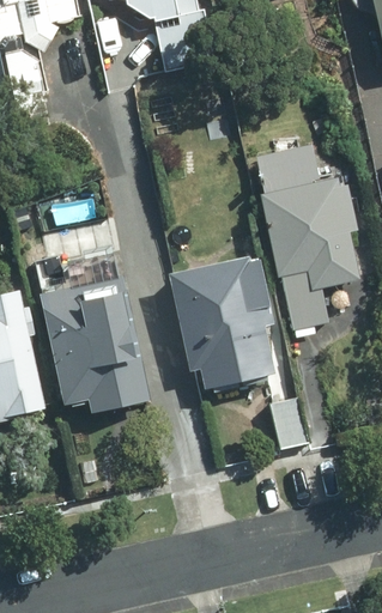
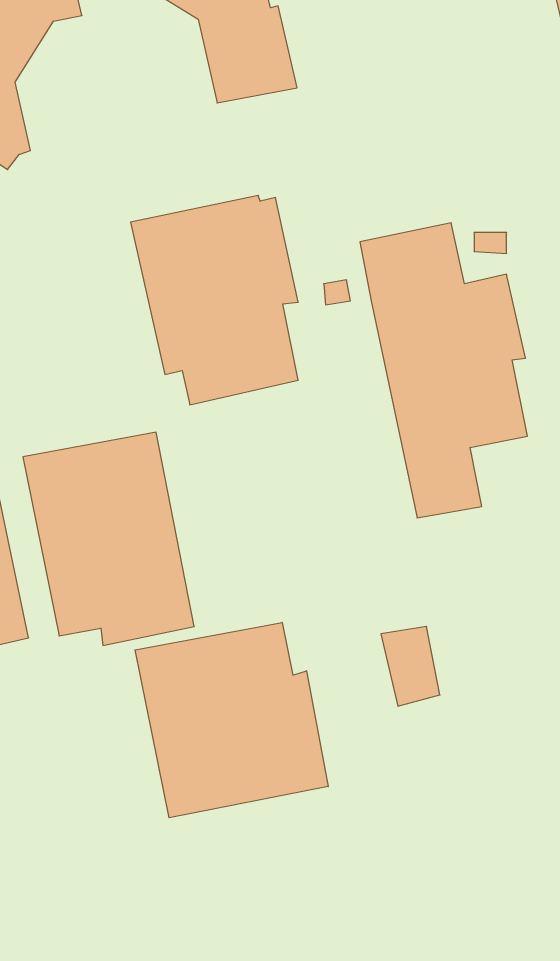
building: [169,257,274,389] -> [131,195,298,405]
building: none -> [135,622,328,818]

